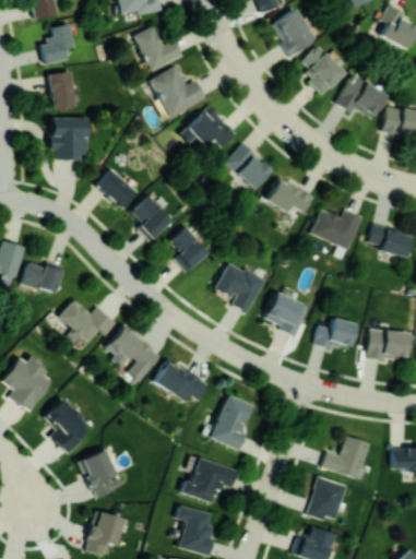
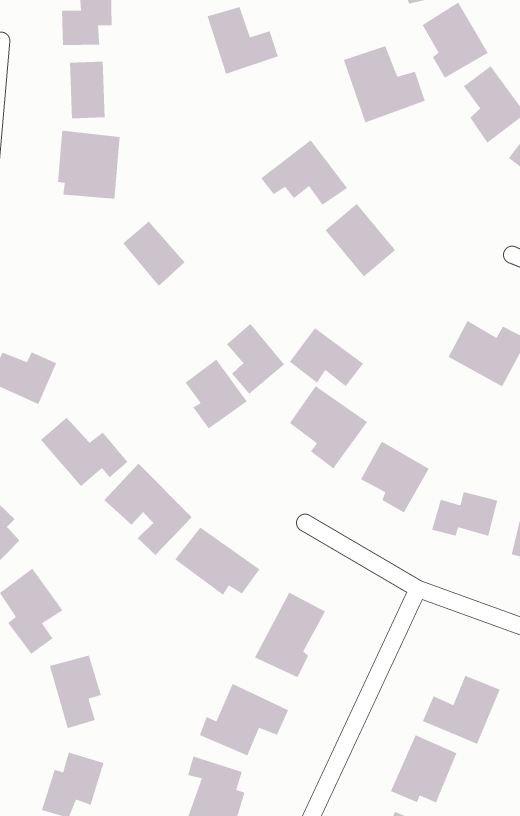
building: [151,66,206,117] -> [343,45,426,124]
building: [266,176,314,212] -> [289,327,364,387]
building: [132,194,174,240] -> [185,359,248,430]

